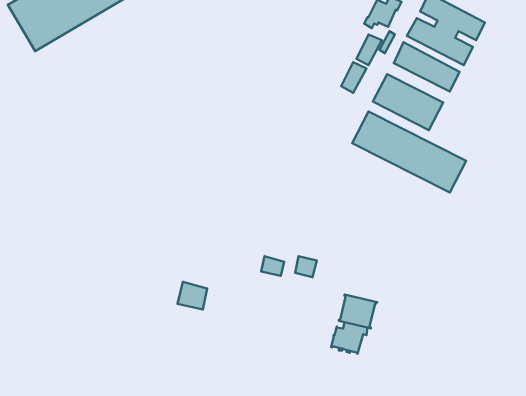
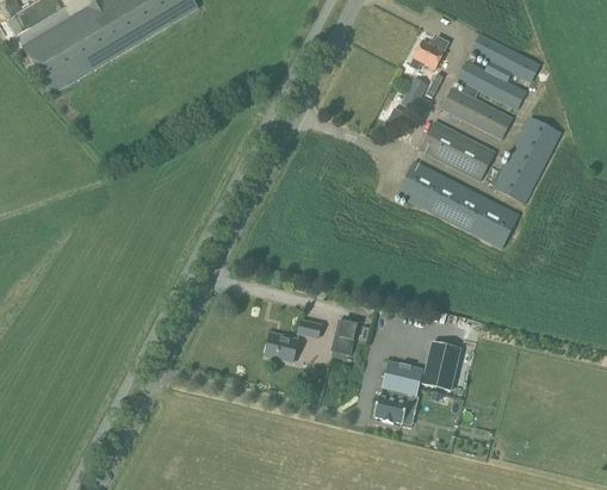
building: none -> [494,116,562,204]
building: none -> [421,340,460,391]
building: [177,282,207,309] -> [265,331,297,361]

